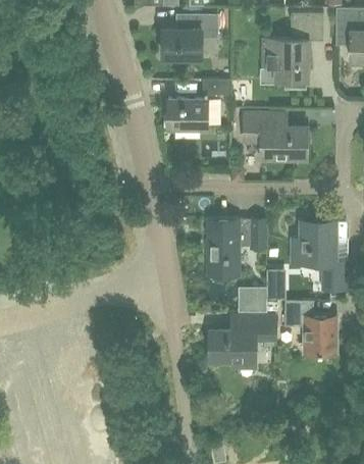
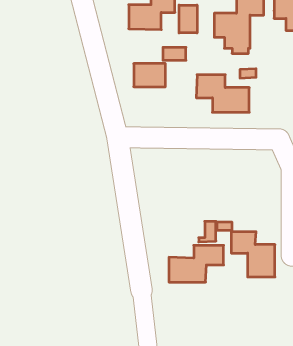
building: none -> [179,5,197,33]
building: [207,219,266,276] -> none
building: [293,221,346,290] -> none

